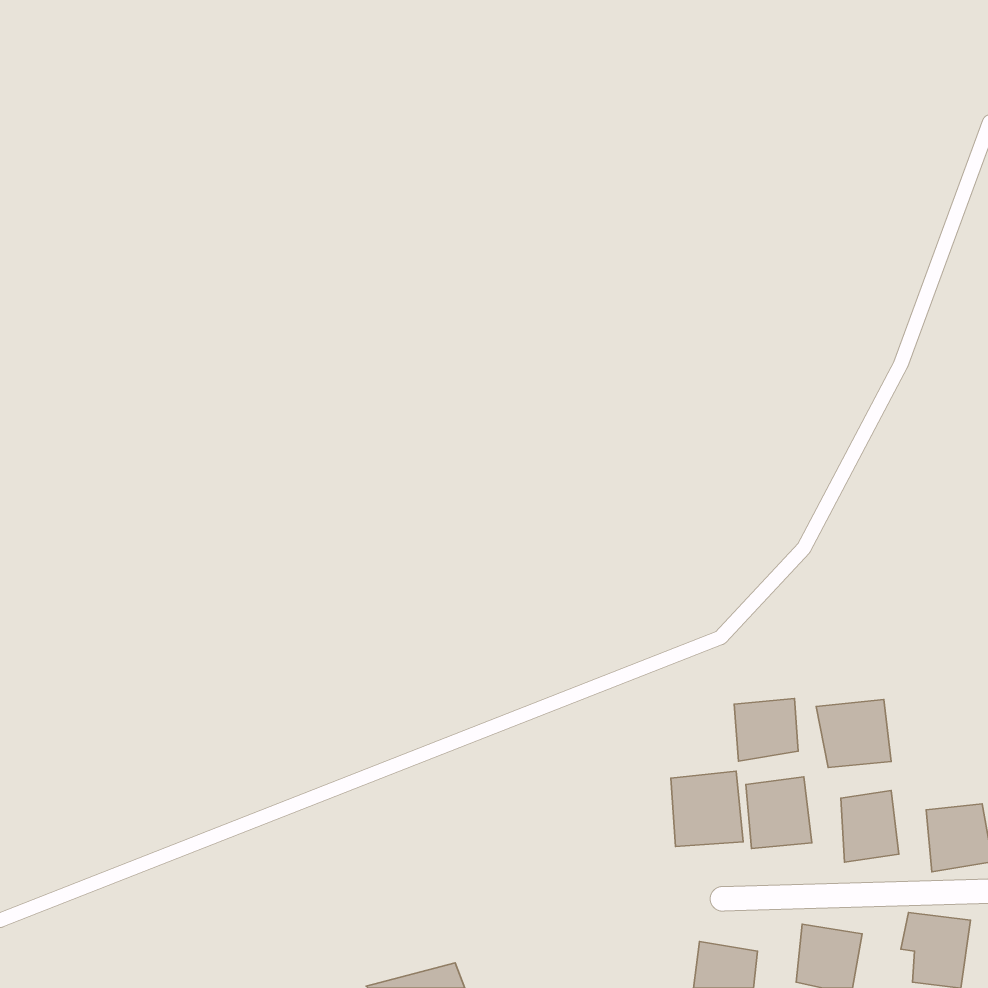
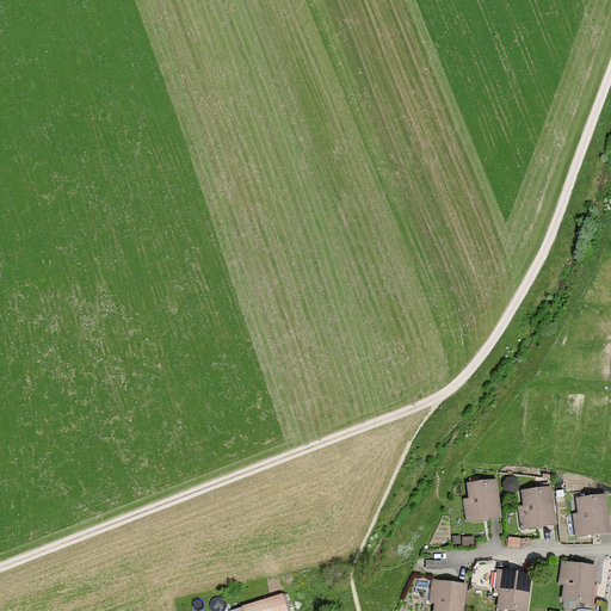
building: [734,698,798,761] -> none
building: [816,699,891,767] -> none
building: [671,771,743,847] -> none

